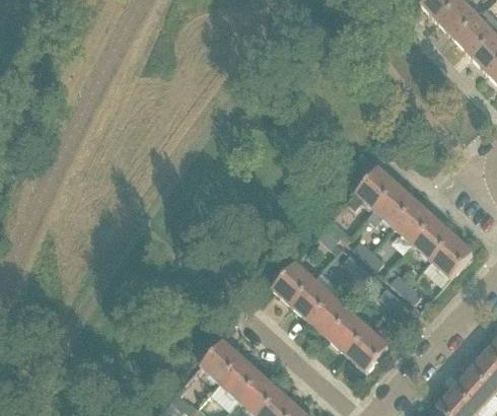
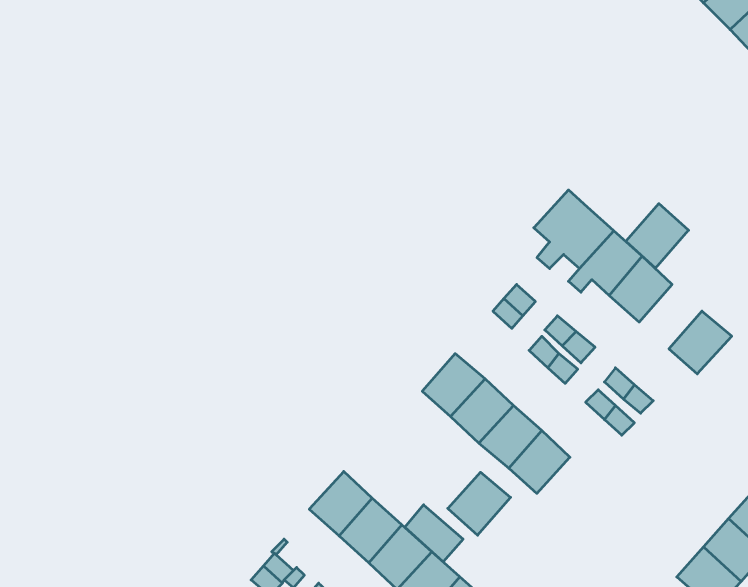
building: [413,219,453,261] -> [626,204,689,268]
building: [347,331,387,371] -> [448,472,511,535]
building: none -> [405,505,463,562]

